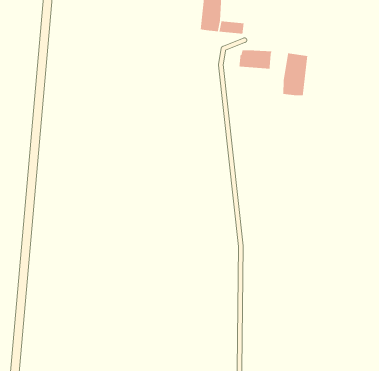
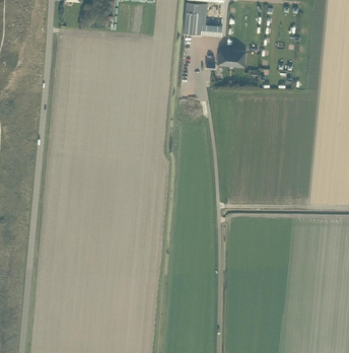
building: [283,52,308,96] -> none

